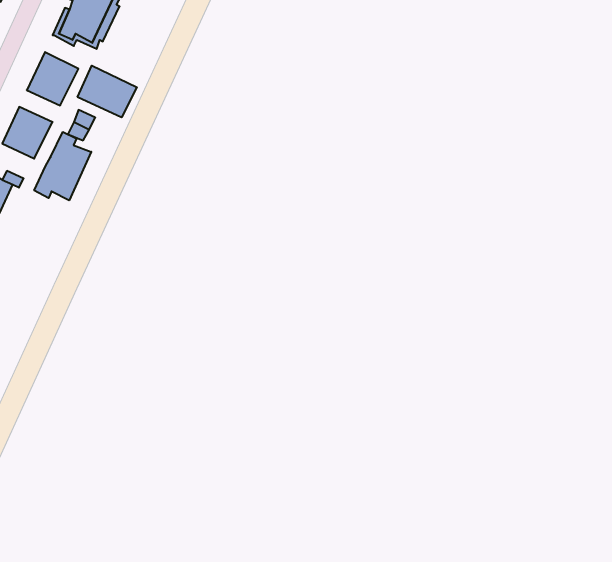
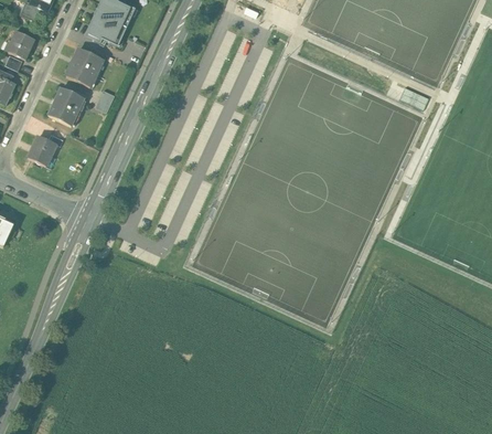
building: [78,66,137,117] -> none
building: [34,132,91,200] -> none

